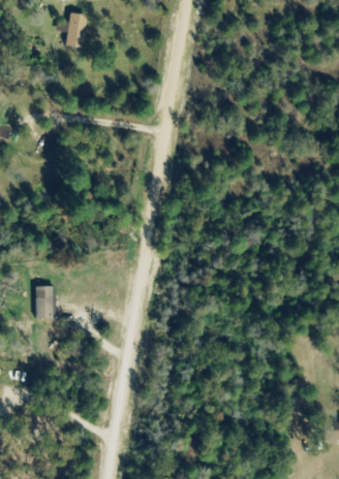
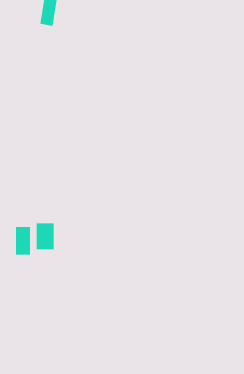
building: none -> [36,222,54,250]

